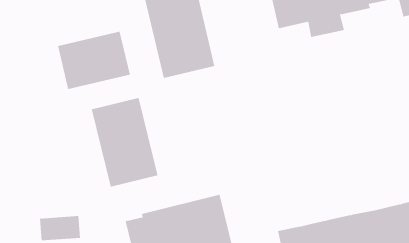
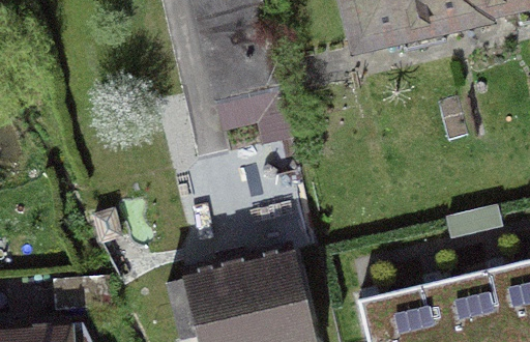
building: [58,31,130,90] -> none
building: [91,97,158,188] -> none

